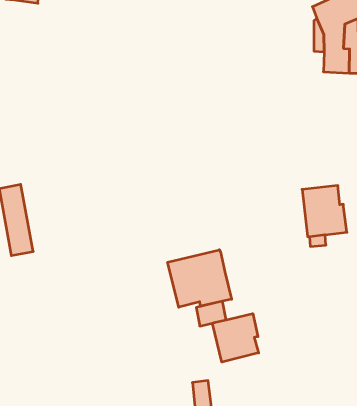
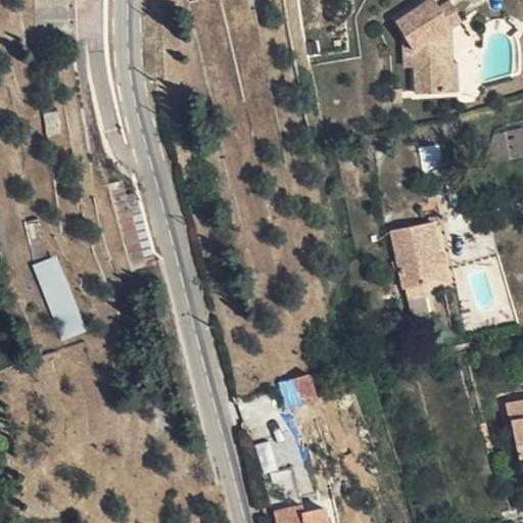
building: [168,250,232,307] -> none
building: [213,314,259,362] -> none

